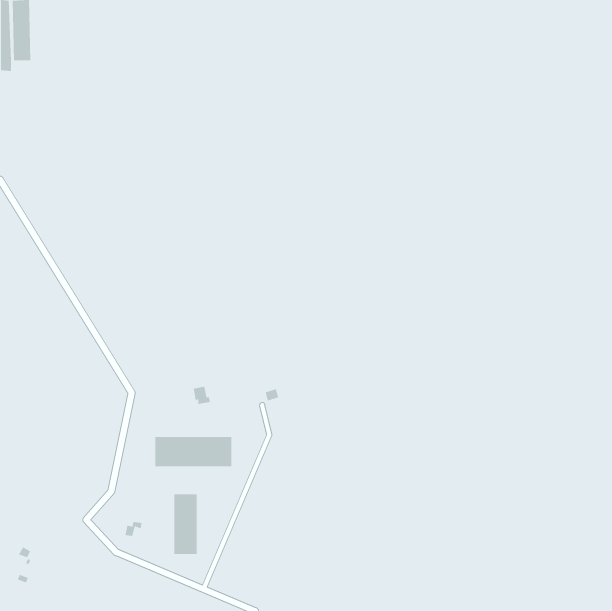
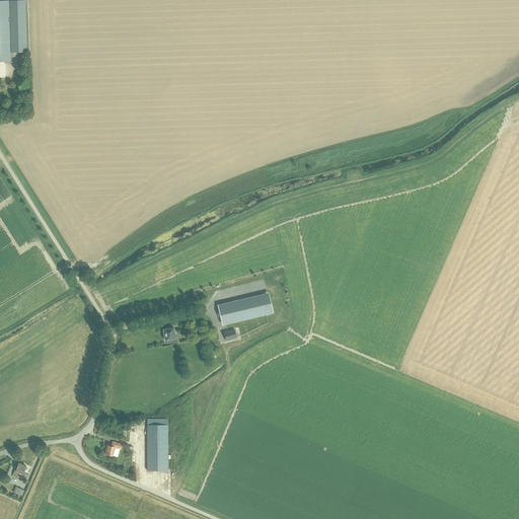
building: none -> [218,293,268,323]
building: [155,436,232,467] -> none

